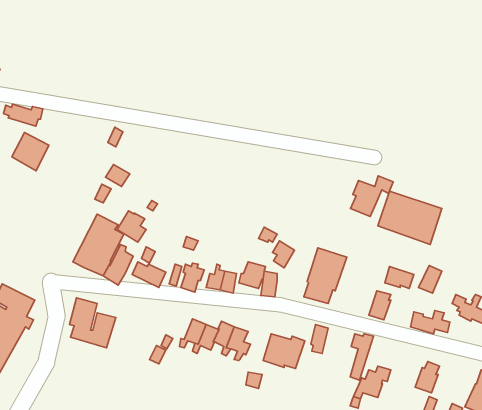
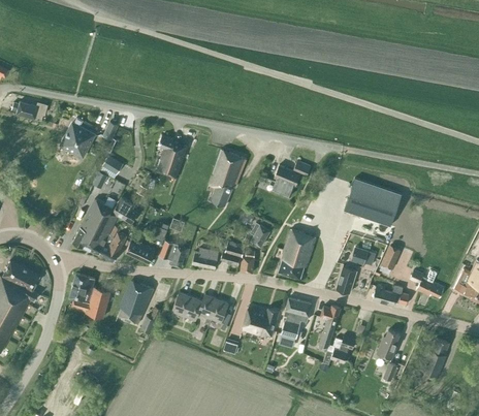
building: [12,132,49,171] -> [61,122,94,156]
building: none -> [155,135,187,178]
building: none -> [207,149,246,205]
building: [350,176,393,217] -> [272,160,310,196]
building: none -> [118,280,154,323]
building: none -> [281,299,311,337]

